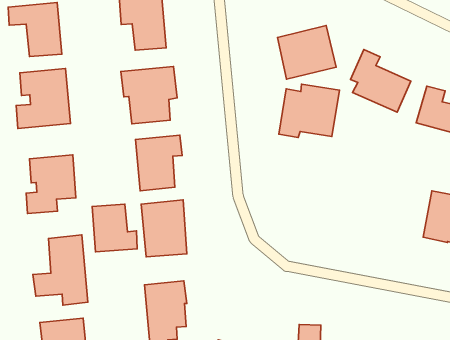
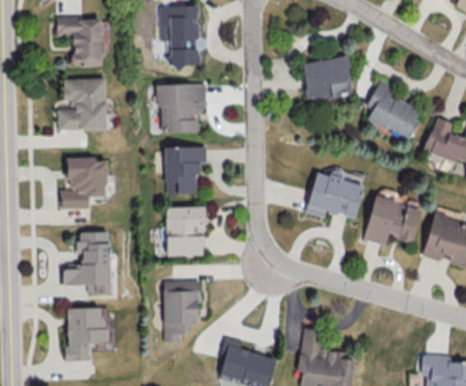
building: [279,84,339,138] -> [307,168,365,218]
building: none -> [364,196,422,244]
building: [92,204,137,252] -> none

